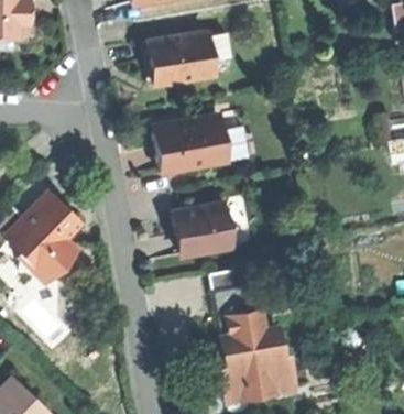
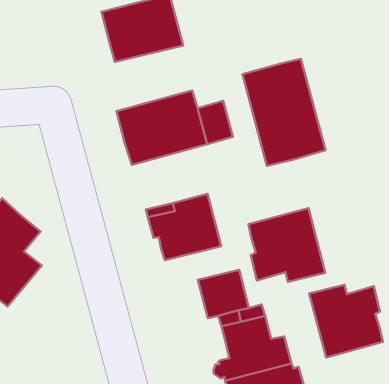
building: none -> [242,59,325,166]
building: none -> [248,208,325,282]
building: none -> [309,285,383,358]

